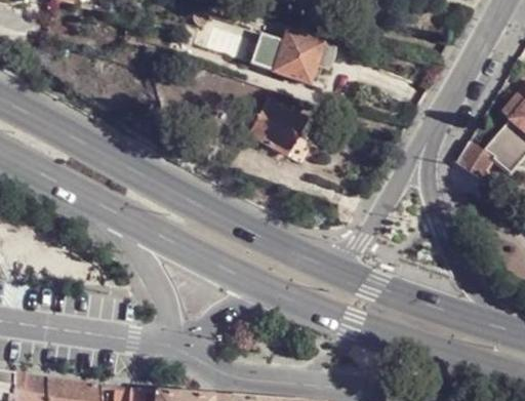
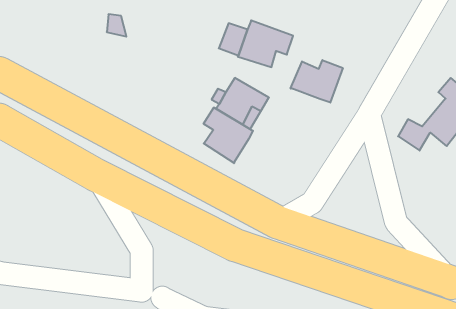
building: none -> [291,60,343,103]
building: none -> [204,107,253,163]

